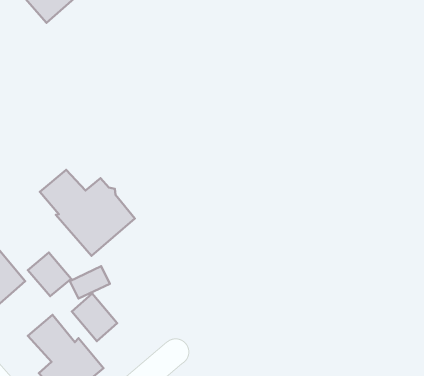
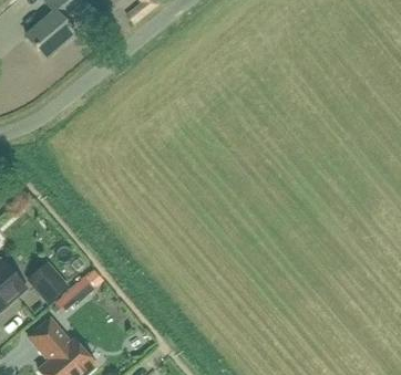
building: [40,170,135,256] -> none
building: [72,294,117,341] -> none

